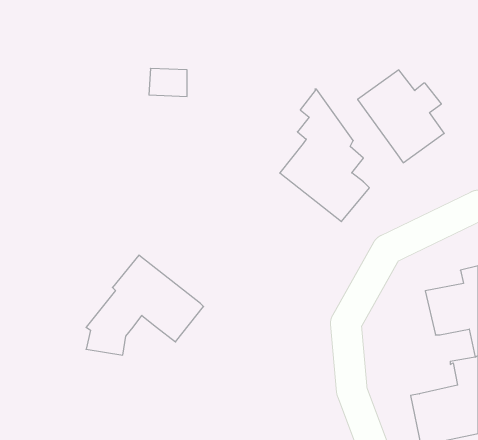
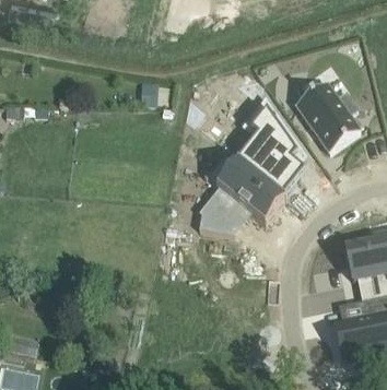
building: [86,255,204,355] -> [197,159,284,234]

